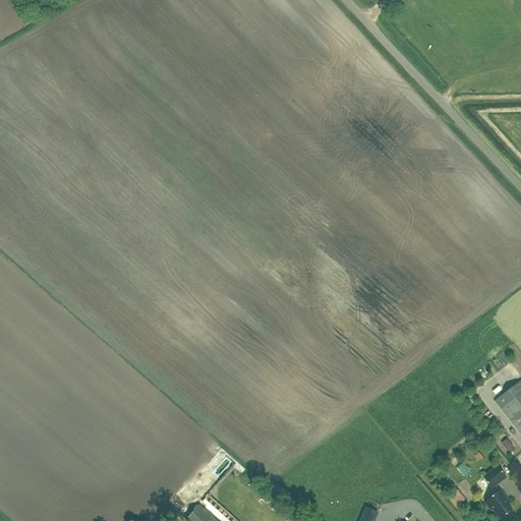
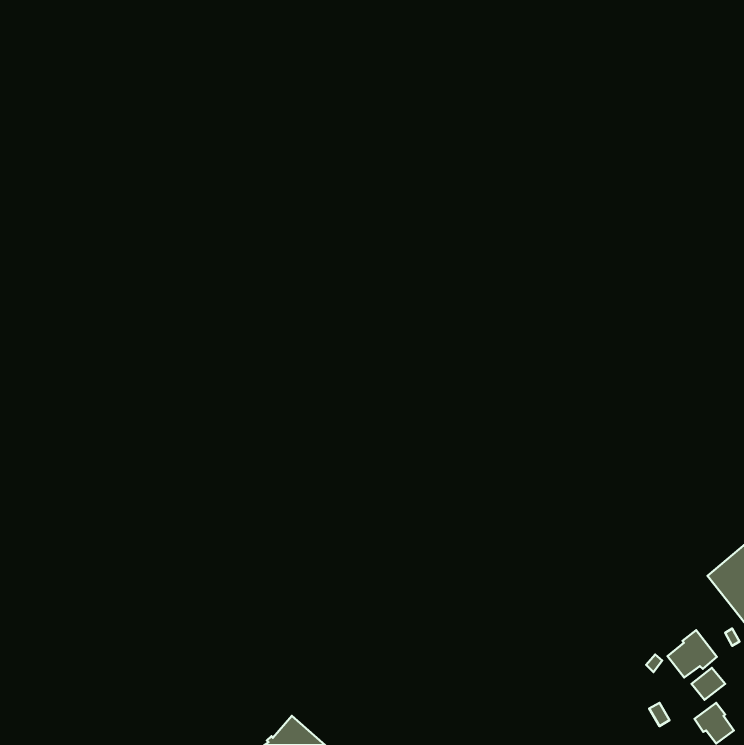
building: none -> [668,630,717,678]

